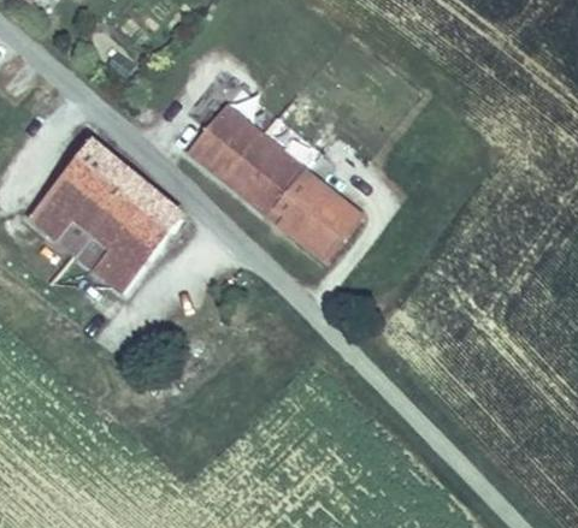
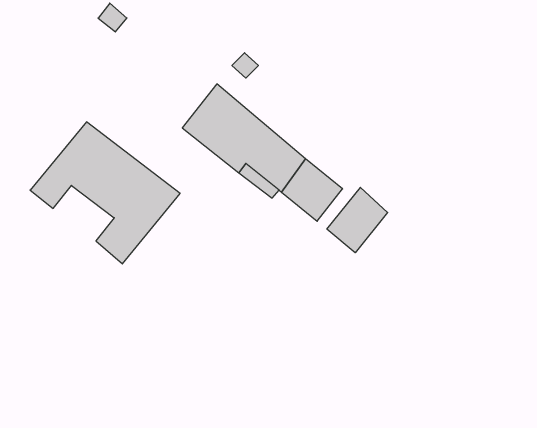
building: [57,221,120,279] -> none
building: none -> [327,187,388,253]

